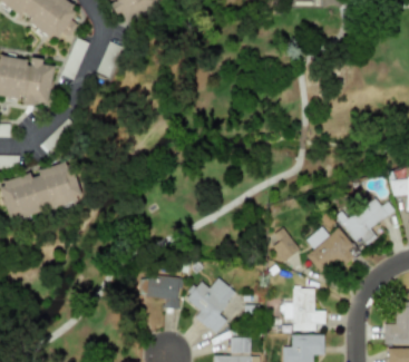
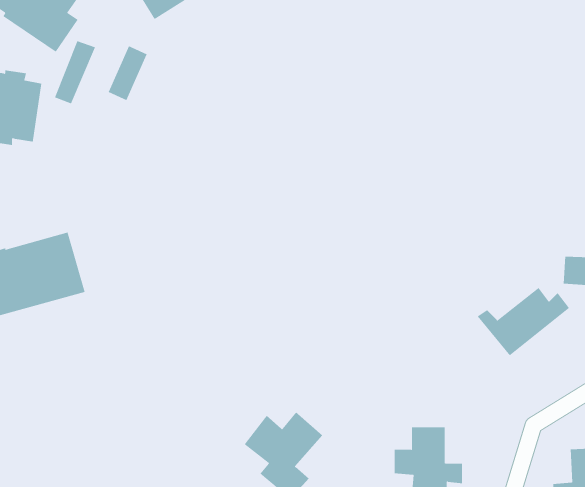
building: [306,226,359,272] -> none
building: [269,228,300,261] -> none
building: [139,274,182,310] -> none

